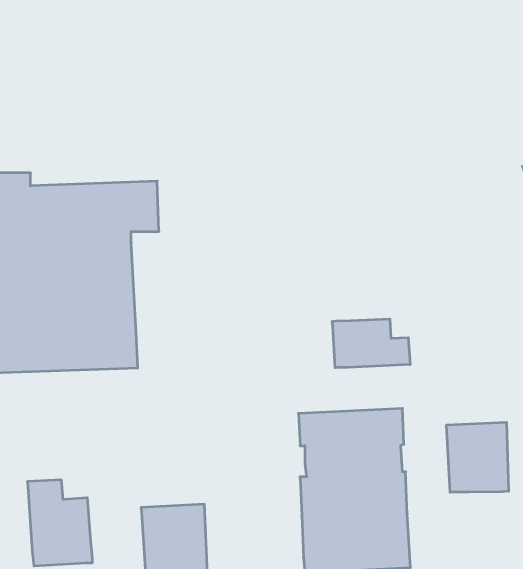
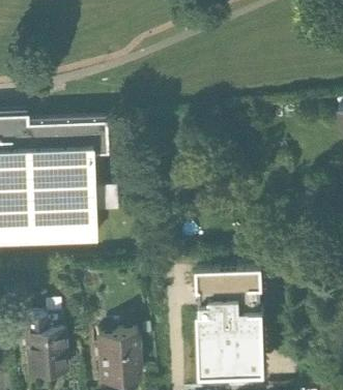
building: [332,319,410,368] -> none
building: [447,422,509,492] -> none

